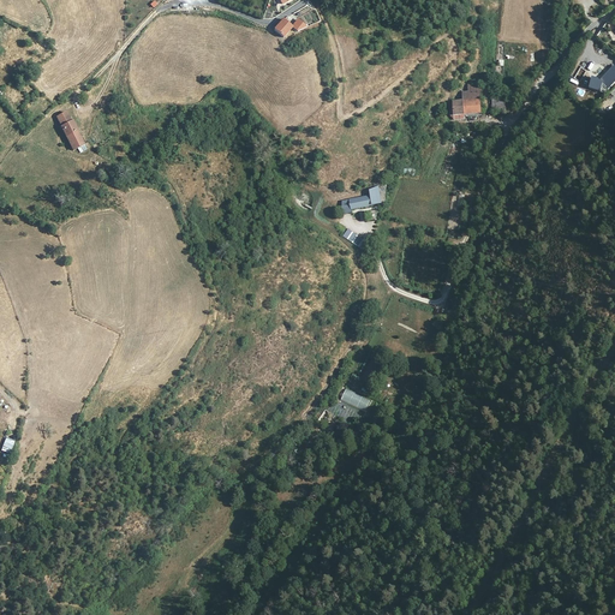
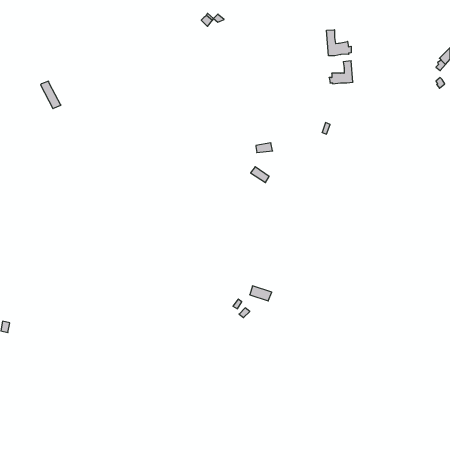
building: none -> [327,30,351,56]

